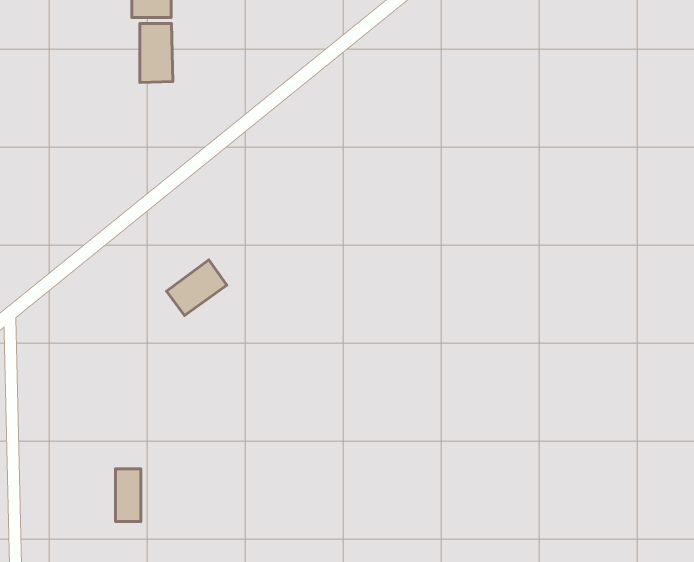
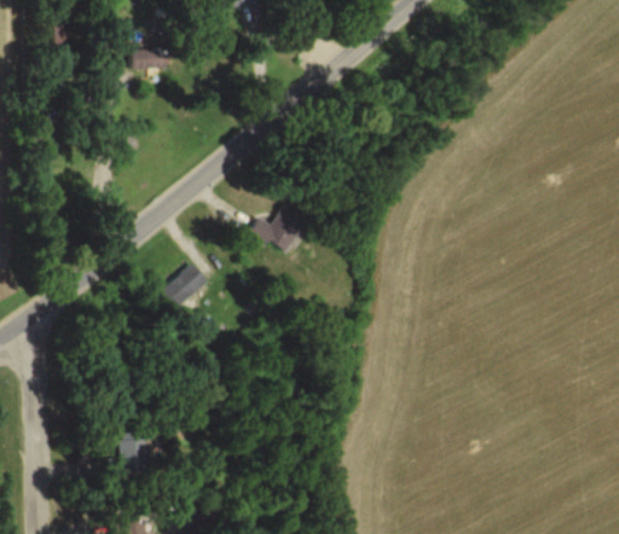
building: [140,23,173,82] -> none
building: none -> [249,202,308,253]

